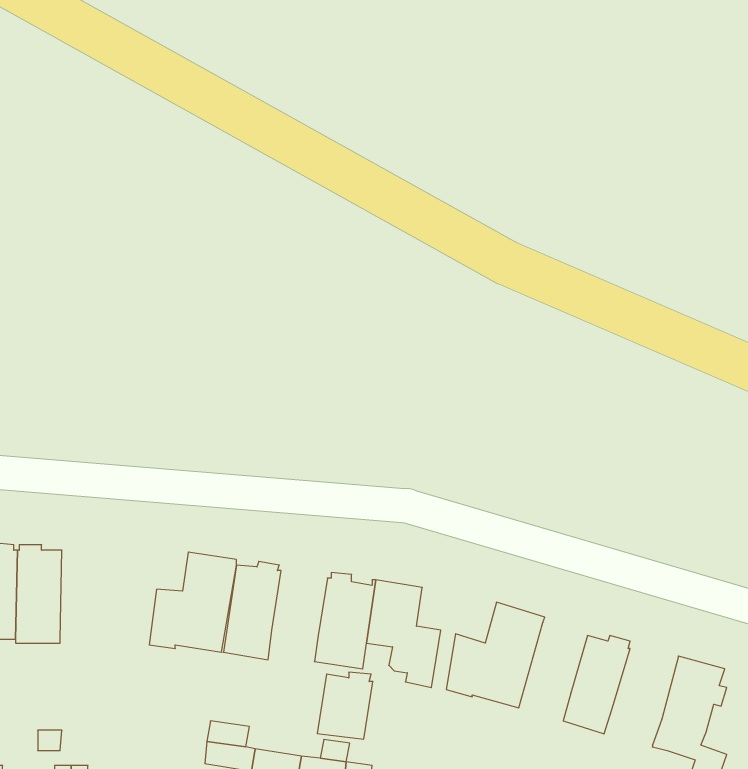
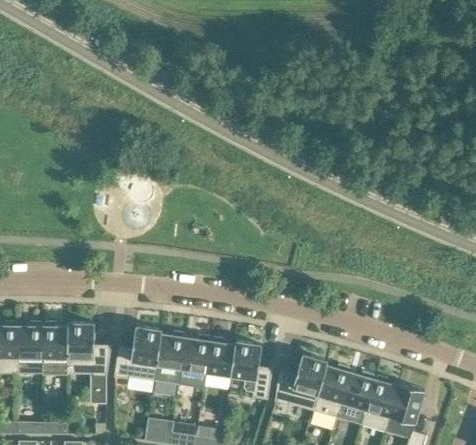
building: none -> [67,323,111,404]
building: none -> [314,365,351,418]
building: none -> [360,376,400,432]
building: [317,672,373,739] -> [181,336,211,372]

